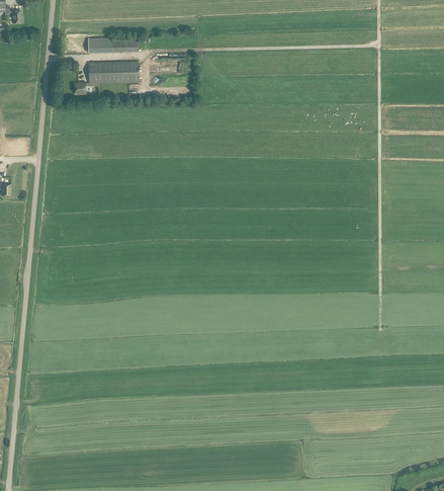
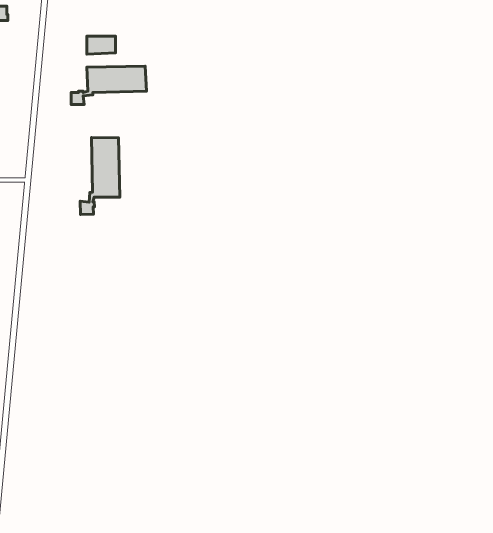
building: none -> [80,138,120,215]

